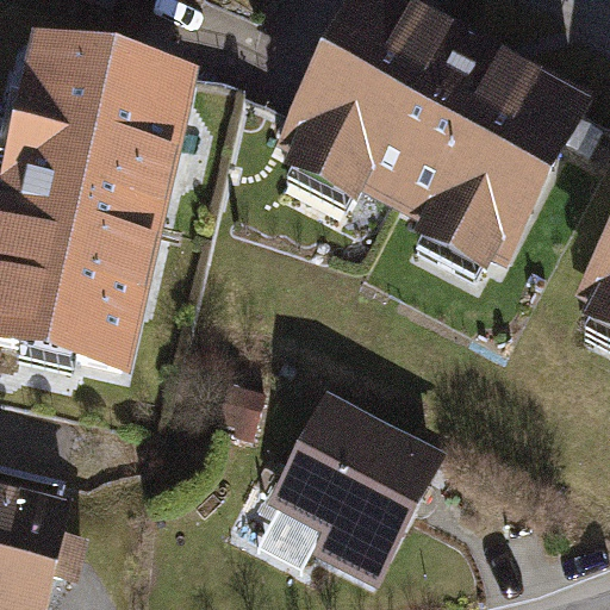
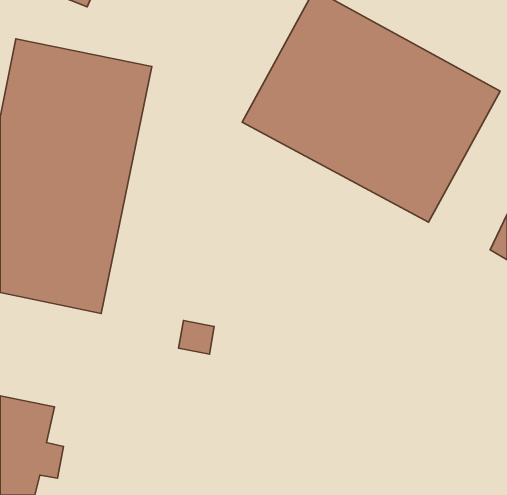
building: [259,387,435,583] -> none

